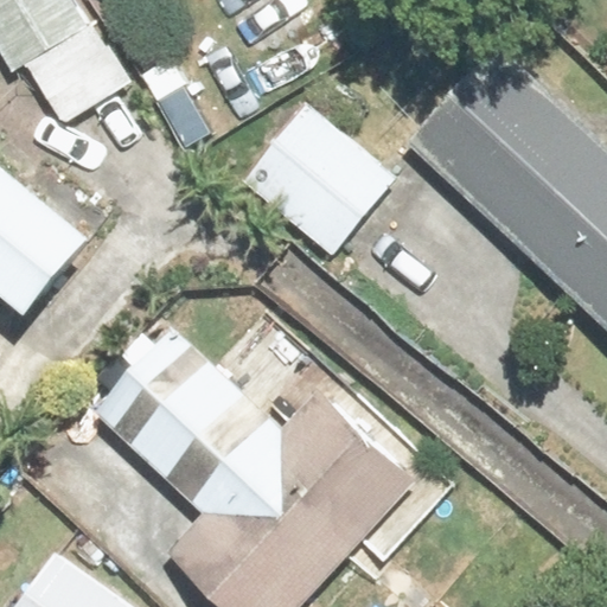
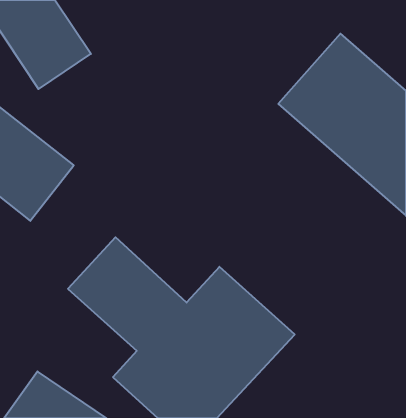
building: [237,104,397,260] -> none

